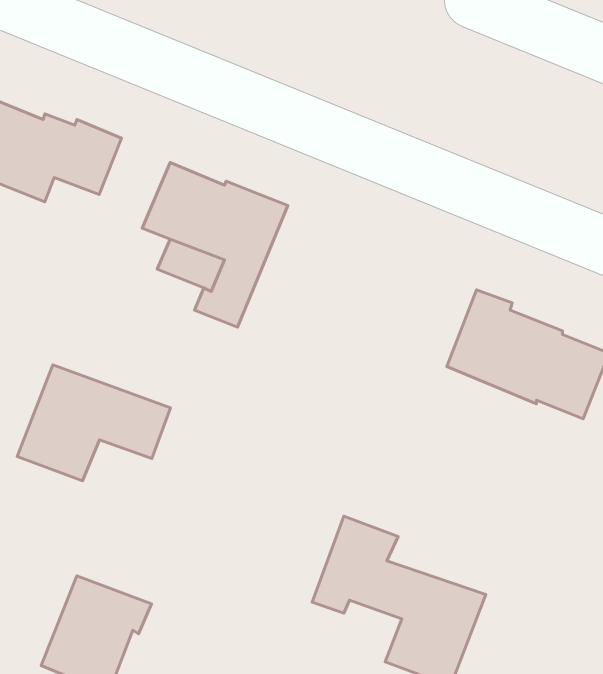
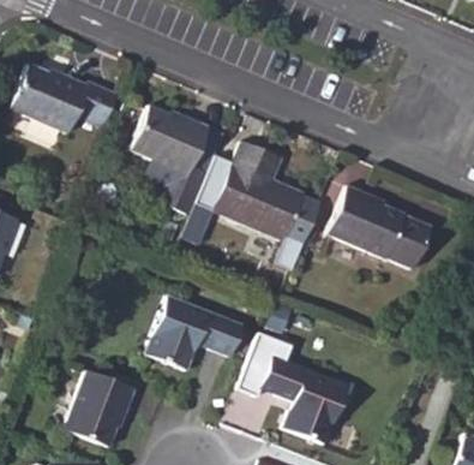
building: none -> [212,143,304,242]
building: [17,365,170,481] -> [146,297,245,371]

